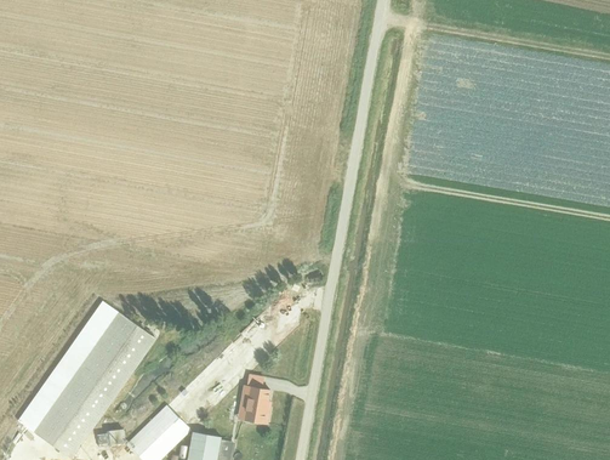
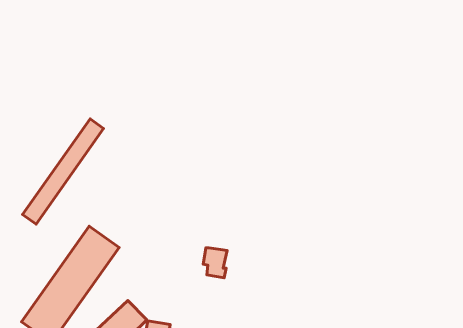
building: [16,300,118,432] -> [23,119,104,224]
building: [239,386,269,424] -> [203,248,227,278]

